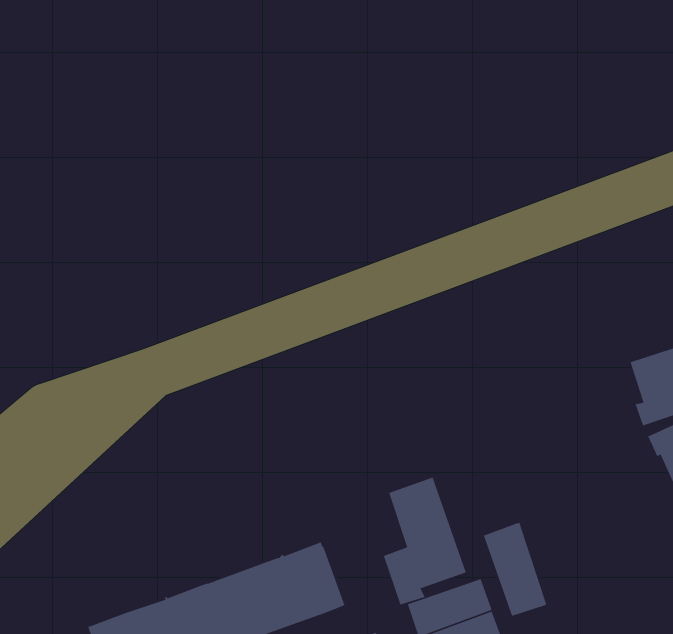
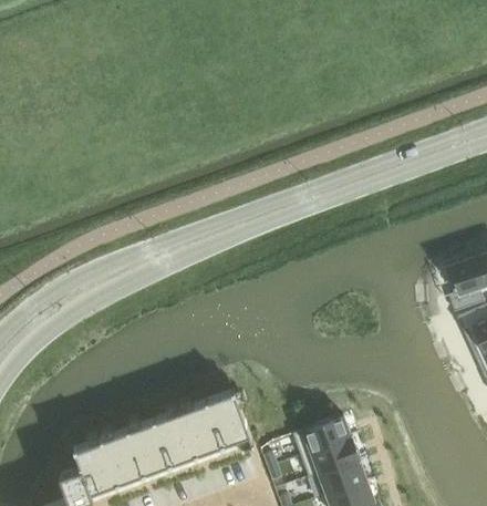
building: [383,477,467,606] -> none
building: [483,522,547,617] -> none

